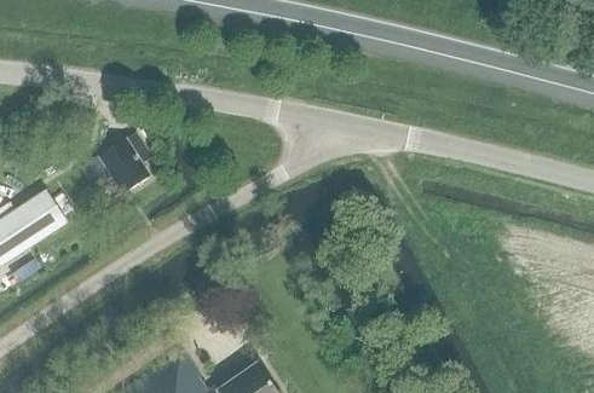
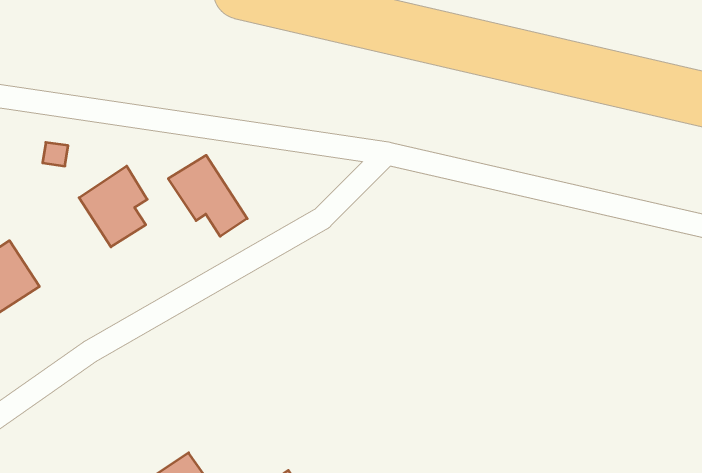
building: none -> [168,155,247,236]

